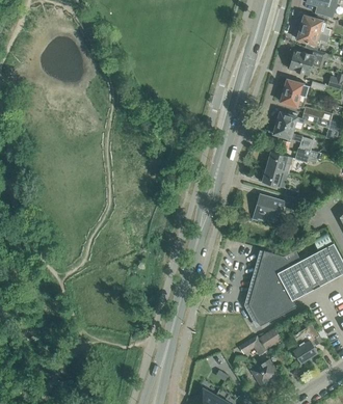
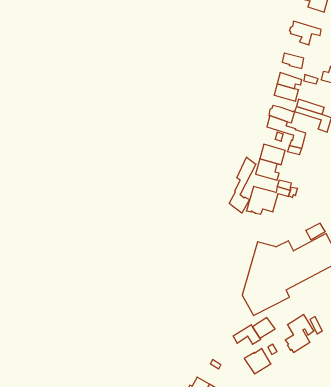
building: [300,11,331,35] -> none
building: [291,48,325,68] -> none
building: none -> [229,157,256,213]

